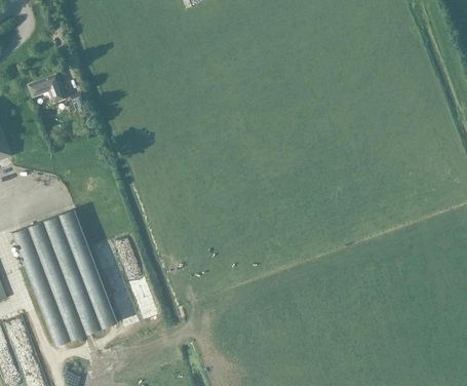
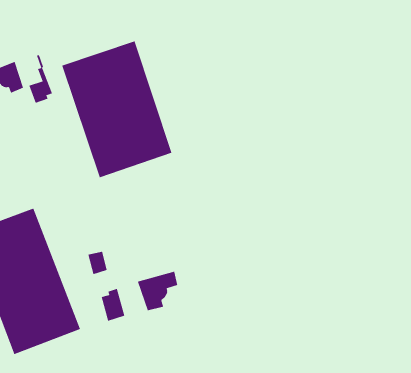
building: none -> [62,41,172,178]
building: none -> [137,271,178,311]

